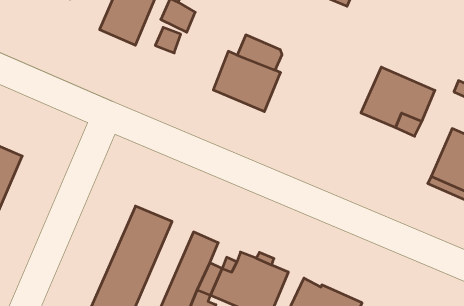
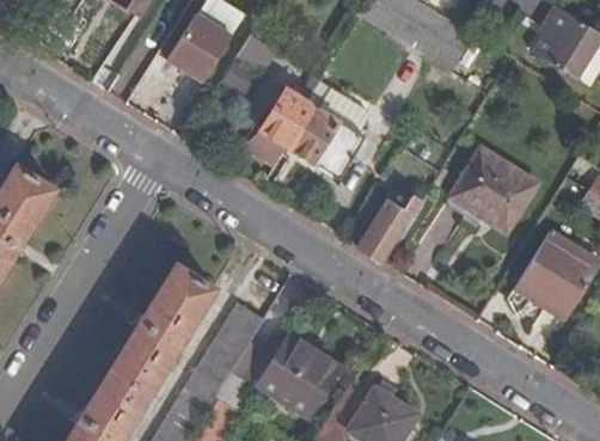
building: none -> [246,75,322,165]
building: none -> [359,196,422,263]

